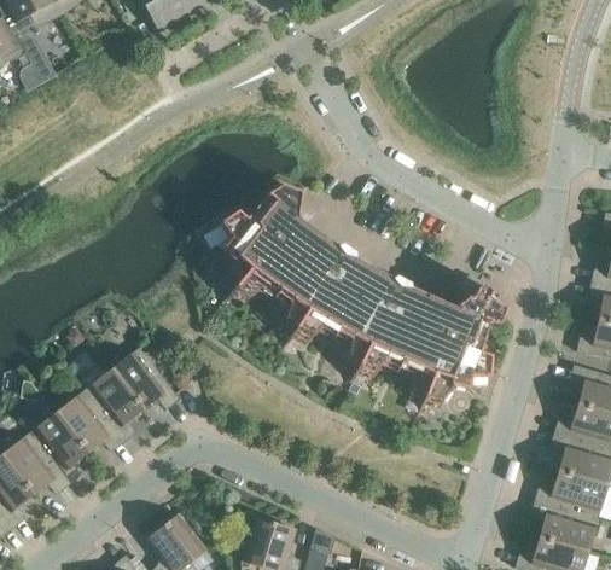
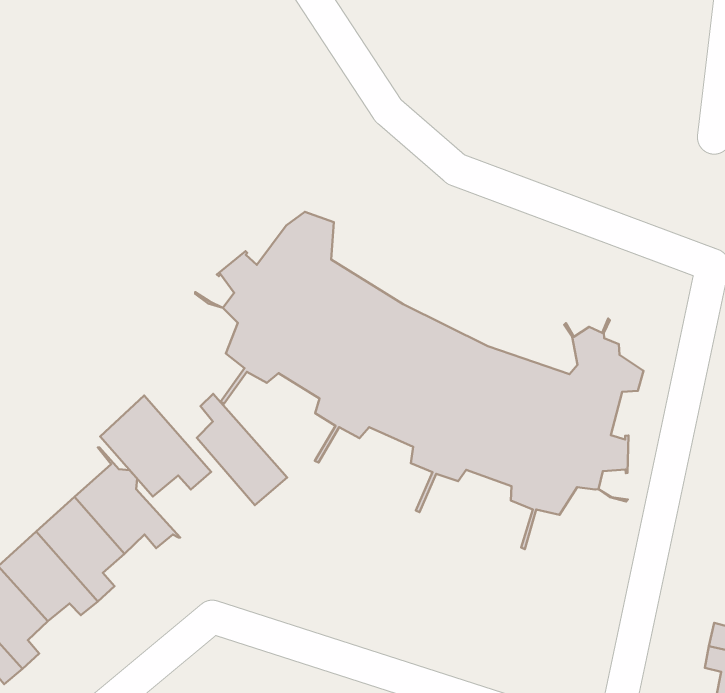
building: none -> [100,396,211,496]
building: none -> [197,394,287,505]

